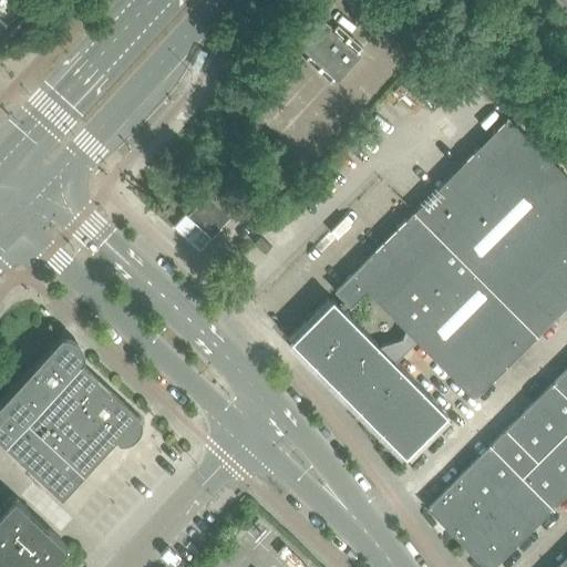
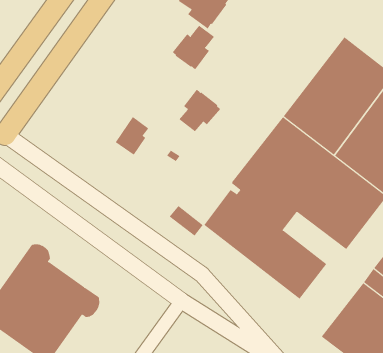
building: none -> [172,25,215,70]
building: none -> [179,89,221,132]
building: none -> [169,205,204,236]

